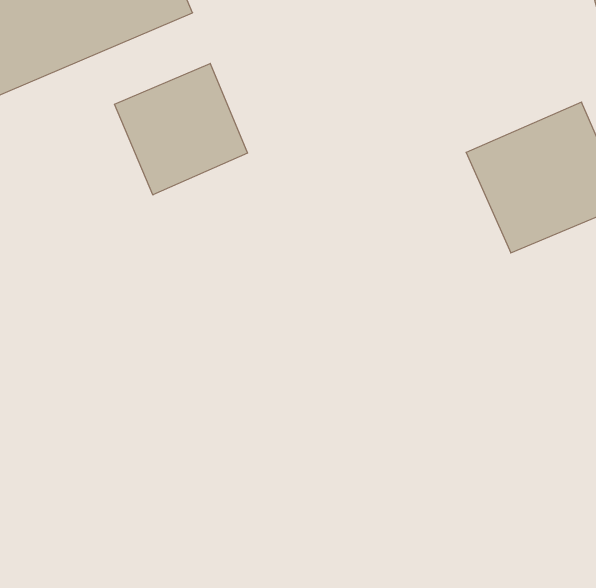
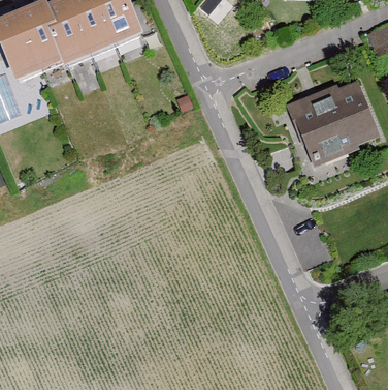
building: [114,63,248,195] -> none

